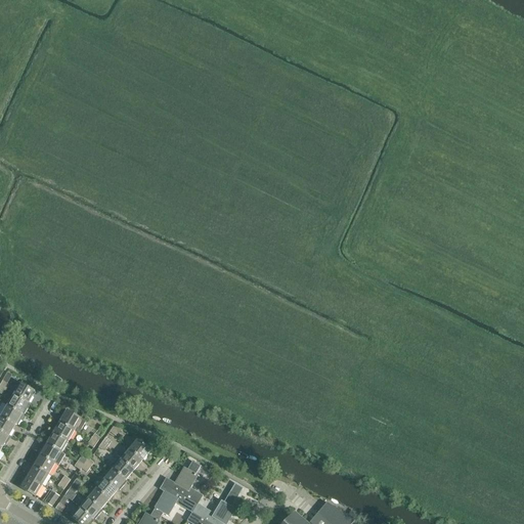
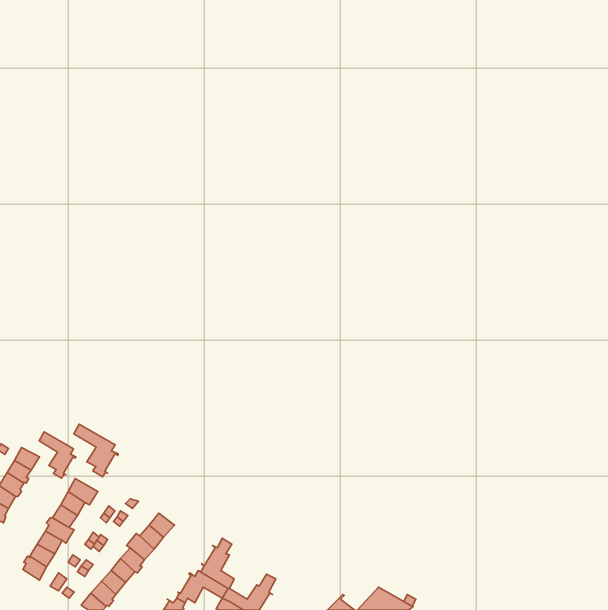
building: none -> [74,424,118,477]
building: none -> [39,432,76,478]

